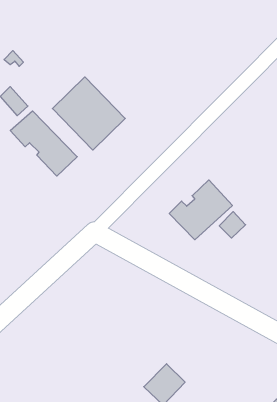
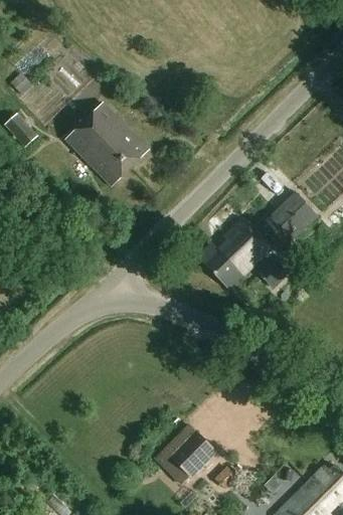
building: [10,111,77,176] -> none
building: none -> [262,191,317,246]

